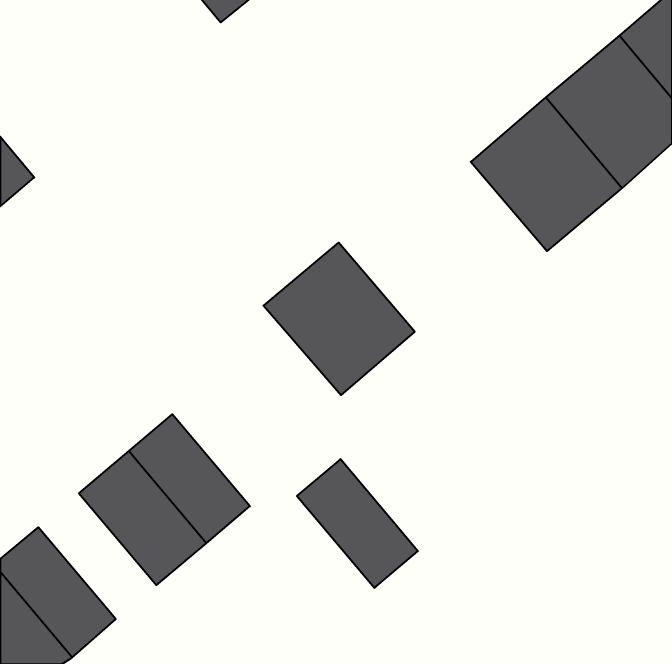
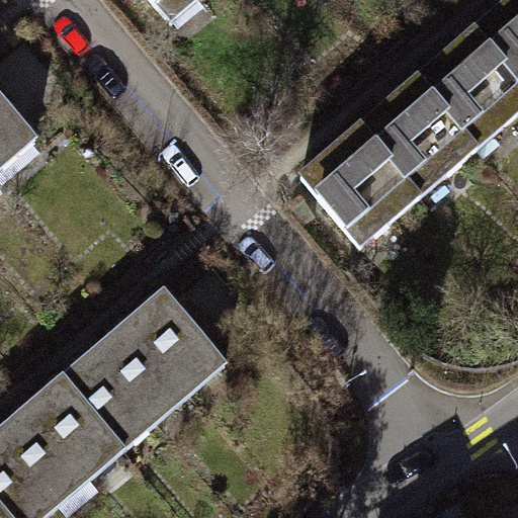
building: [263,243,415,395] -> [305,124,421,242]
building: [297,459,418,588] -> [133,290,226,390]
building: none -> [29,379,120,477]

